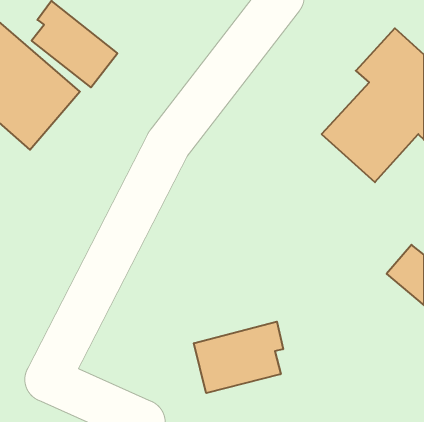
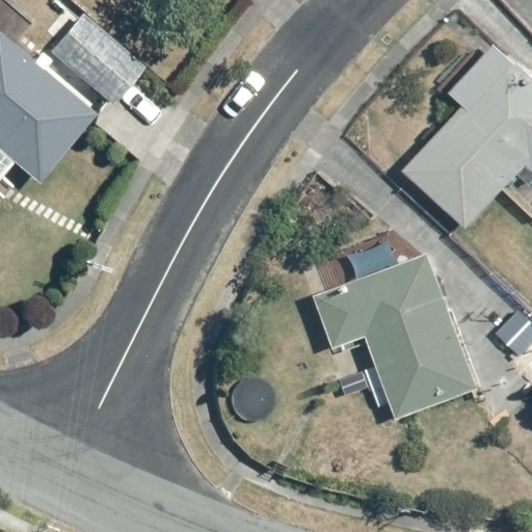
building: none -> [317,258,476,415]
building: [194,322,283,393] -> none

